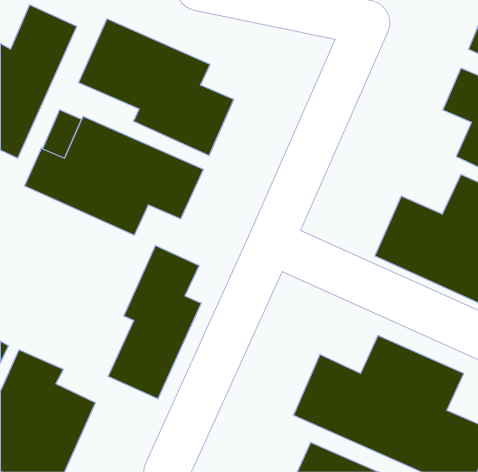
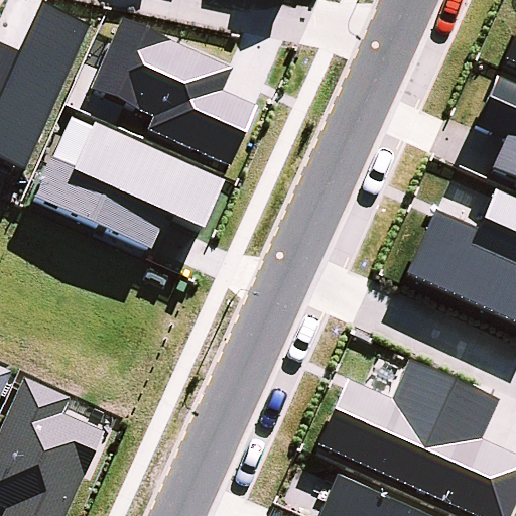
building: [108,245,201,399] -> none

